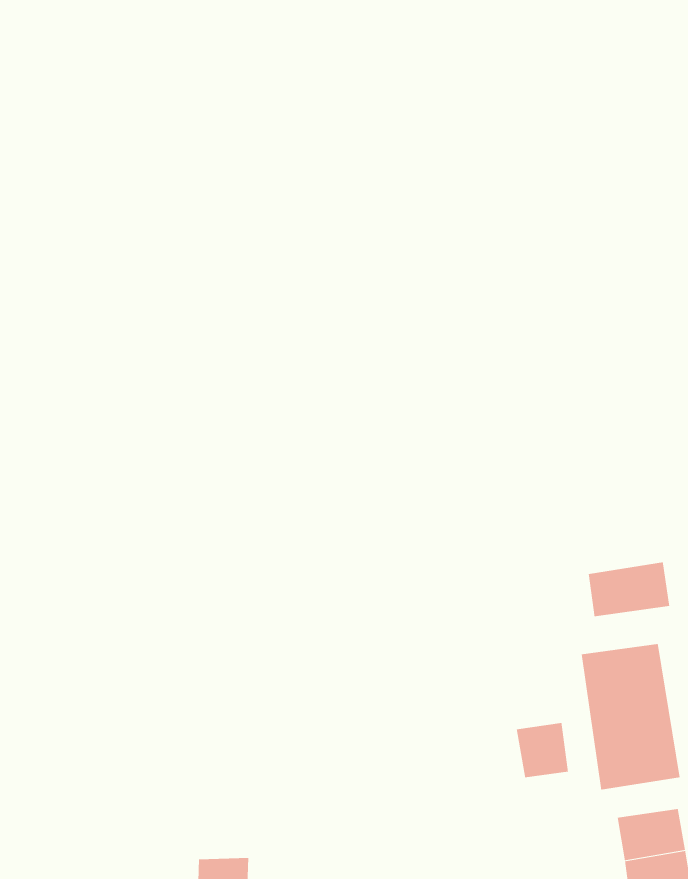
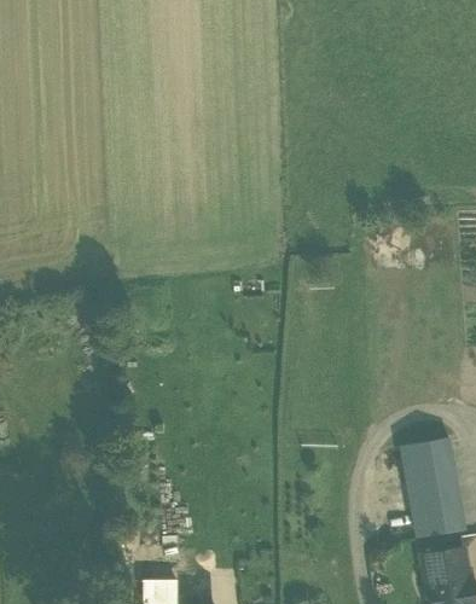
building: [588,561,670,617] -> none
building: [516,722,568,778] -> none

